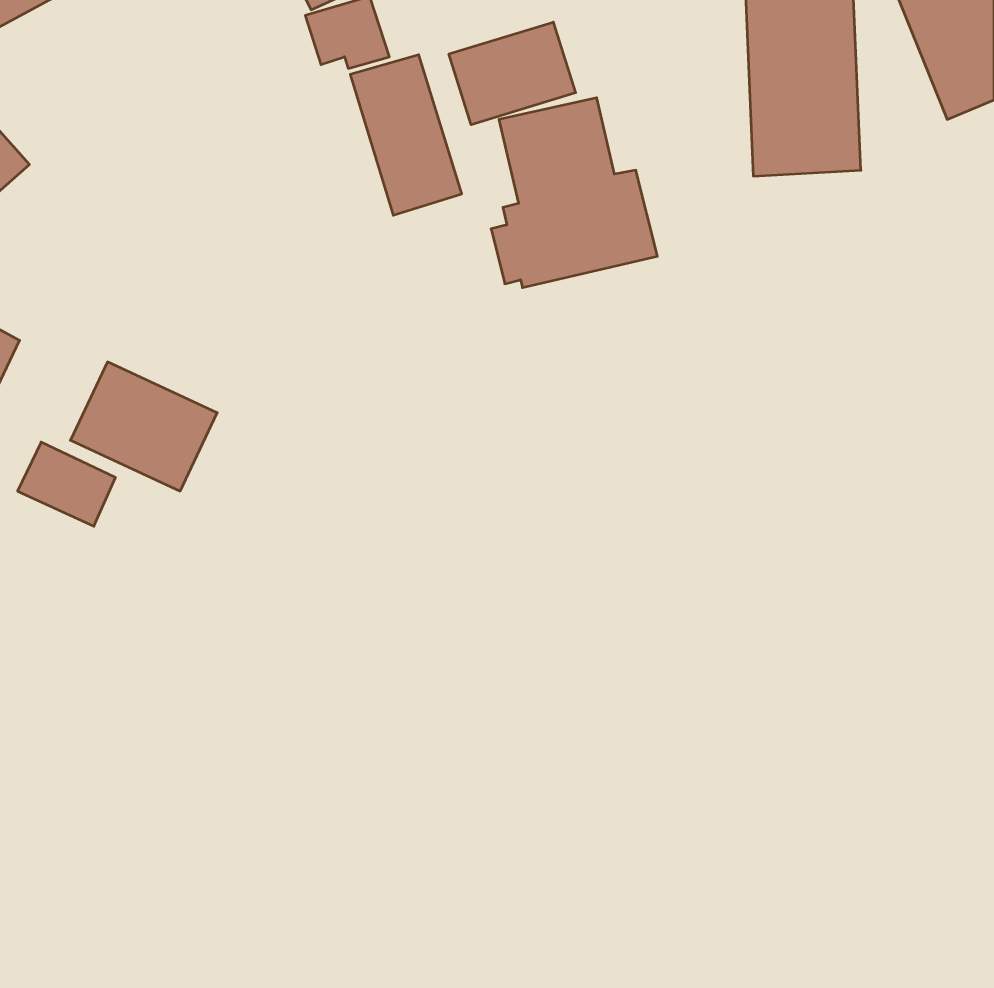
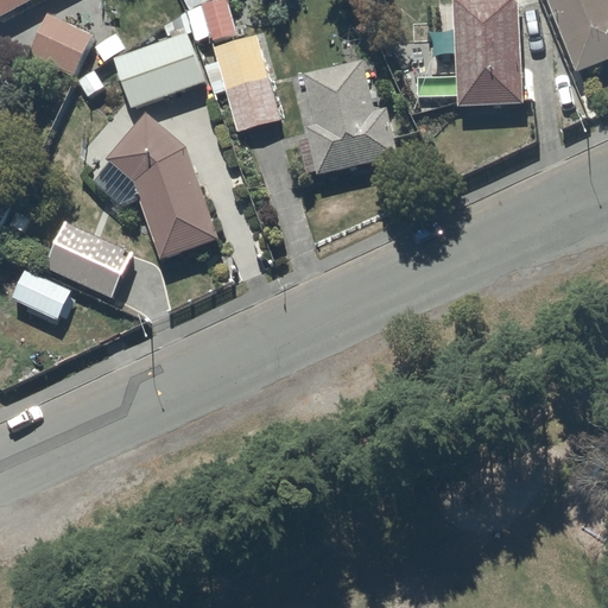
building: none -> [26,13,91,77]
building: [449,22,576,125] -> none
building: none -> [114,33,204,108]
building: none -> [93,112,218,260]

